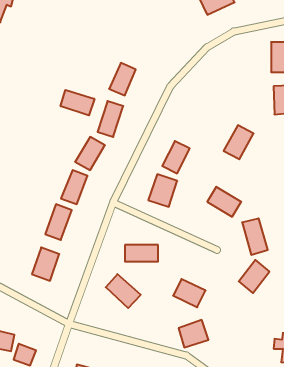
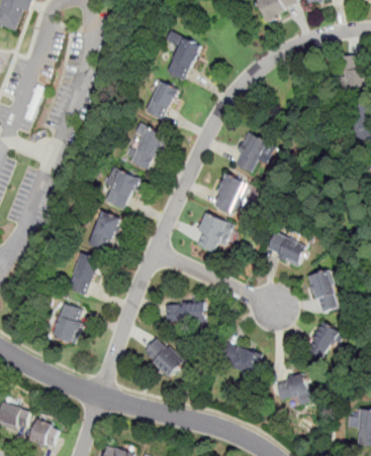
building: none -> [166,30,202,80]
building: [61,90,94,115] -> none
building: [224,125,254,159] -> [231,132,268,174]
building: [179,320,208,347] -> [273,371,309,405]

